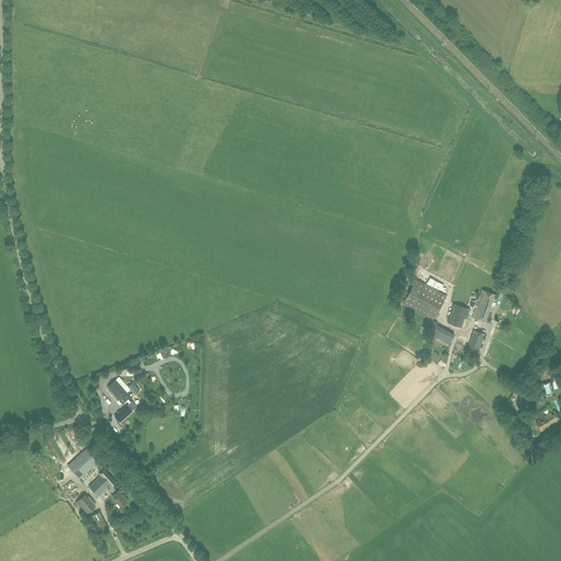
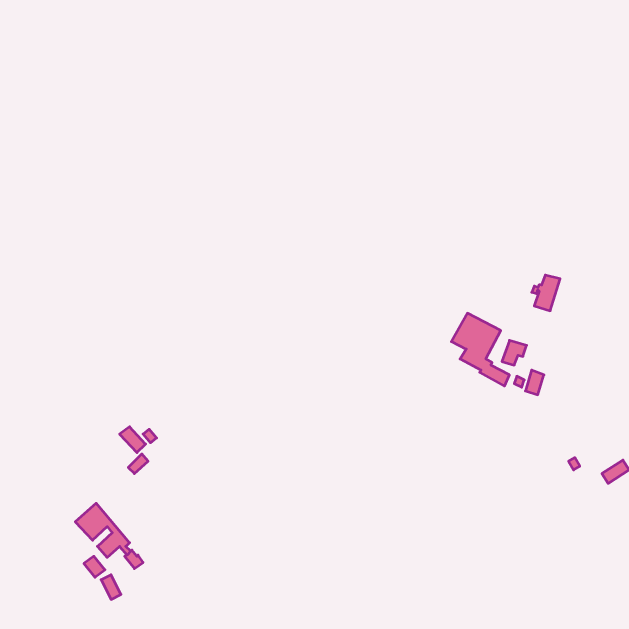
building: [469,289,494,321] -> [532,275,560,311]

